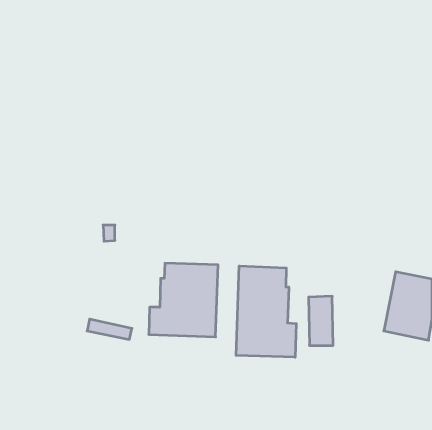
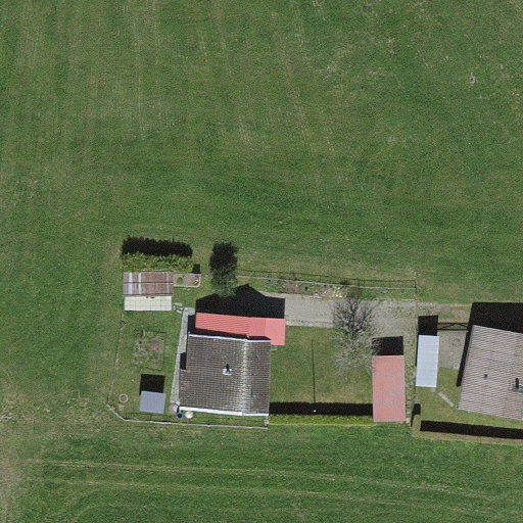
building: [236,266,296,357] -> none

